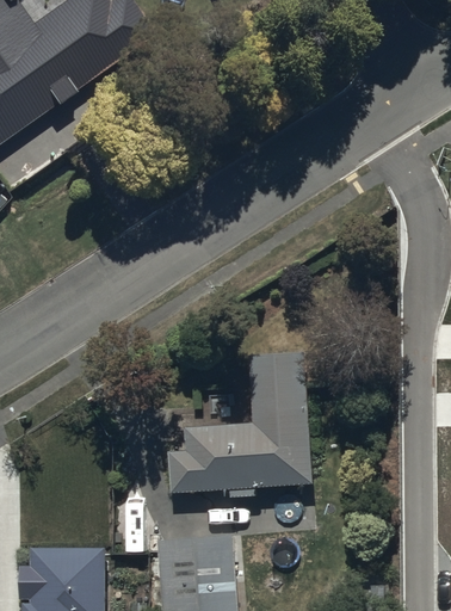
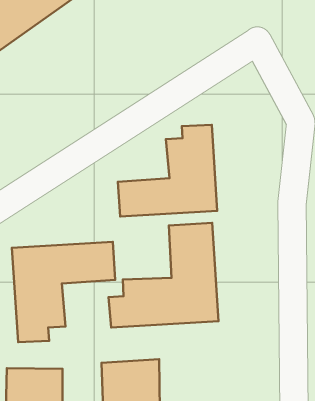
building: none -> [118,125,217,217]
building: none -> [12,242,115,342]

